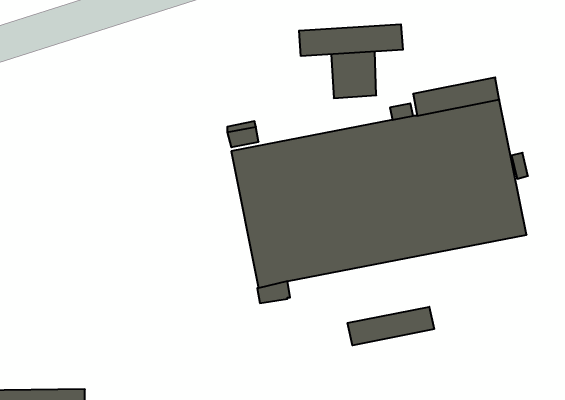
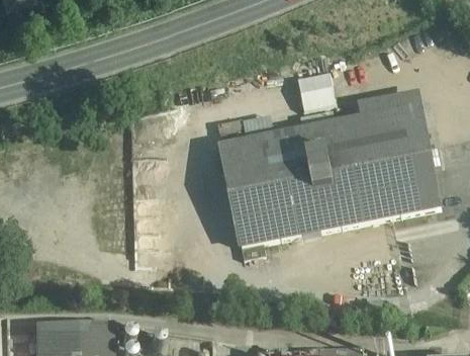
building: [299,24,403,56] -> none
building: [348,307,434,345] -> none

